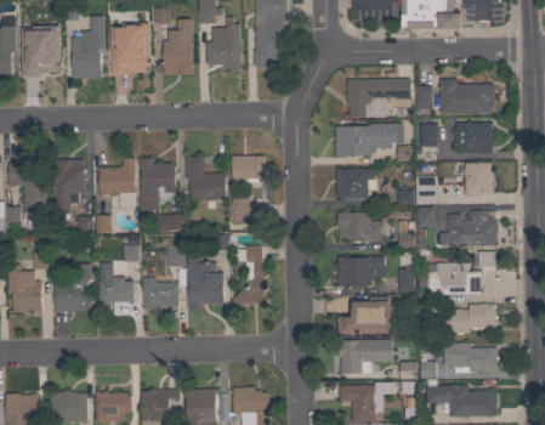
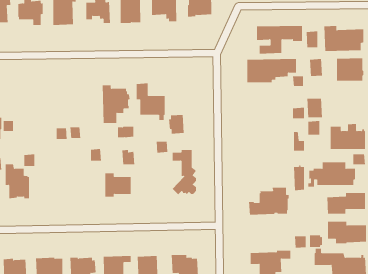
building: [231,155,265,182] -> none
building: [53,158,85,220] -> none
building: [98,158,135,209] -> none
building: [8,160,46,212] -> none
building: [464,163,493,197] -> none
building: [335,168,375,198] -> none
building: [336,212,380,240] -> none
building: [336,256,384,288] -> none
building: [187,257,223,308] -> none
building: [53,264,91,311] -> none
building: [98,276,134,311] -> none
building: [337,339,388,373] -> none

